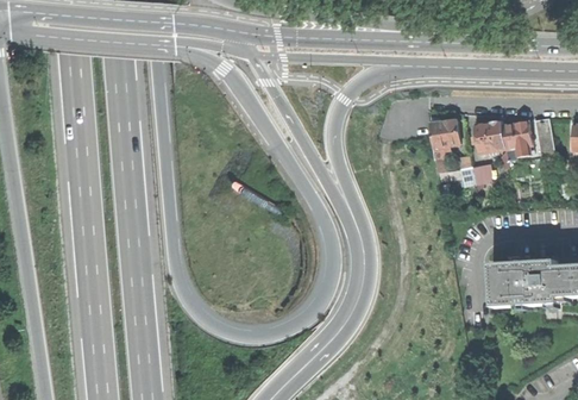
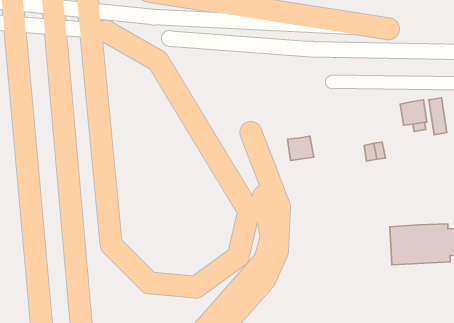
building: [471,120,505,152] -> none
building: [431,124,460,151] -> [287,136,314,160]

